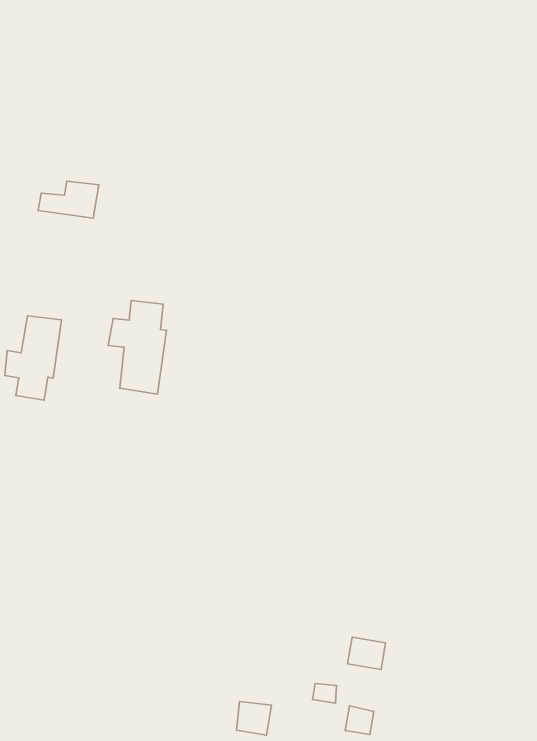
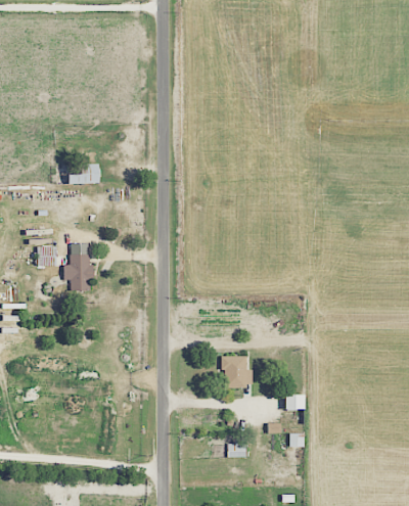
building: [108,301,167,394] -> none
building: none -> [220,356,253,387]

